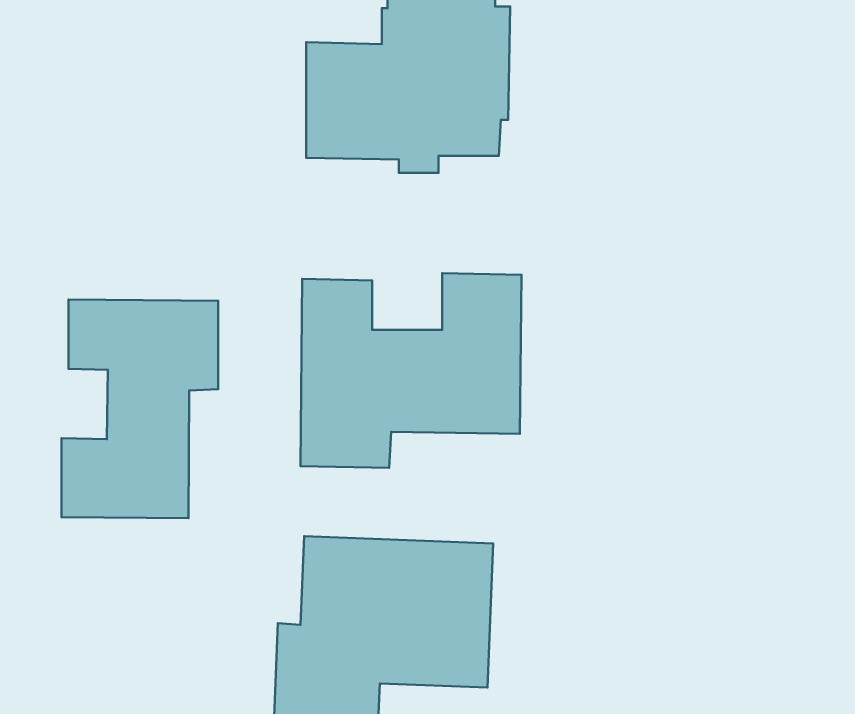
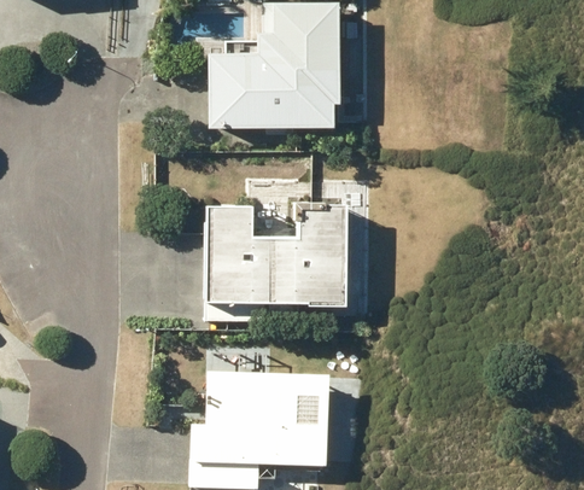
building: [61,299,218,518] -> none

